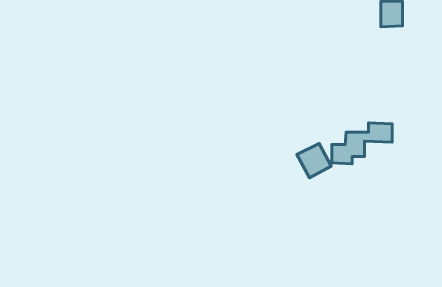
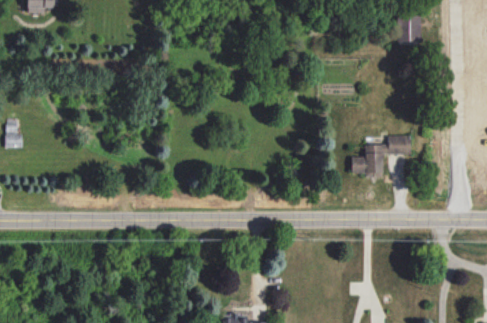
building: [297,144,331,178] -> none

